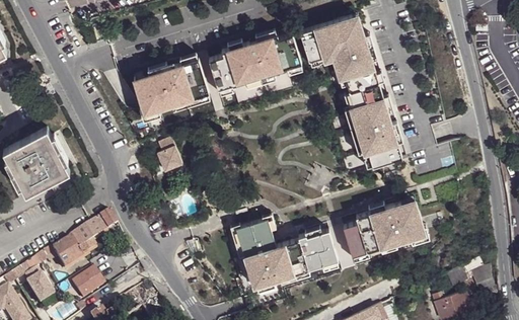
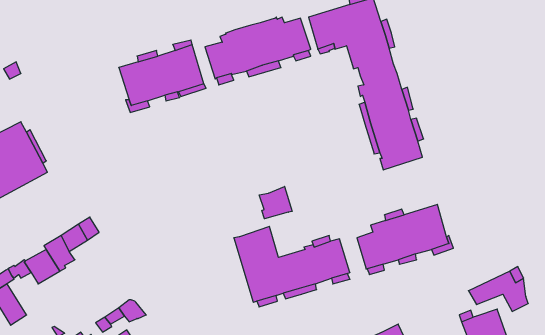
building: [156,139,181,173] -> none
building: none -> [259,186,292,219]
building: [71,267,104,298] -> none

